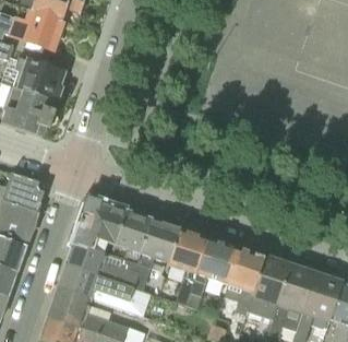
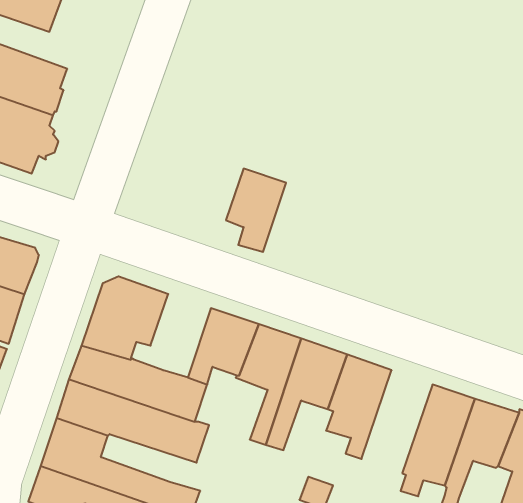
building: [115,211,152,262] -> [226,169,286,252]
building: [244,258,288,321] -> none

